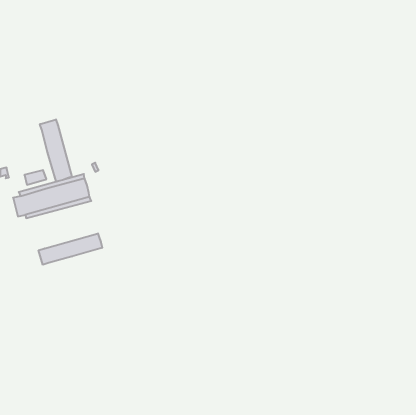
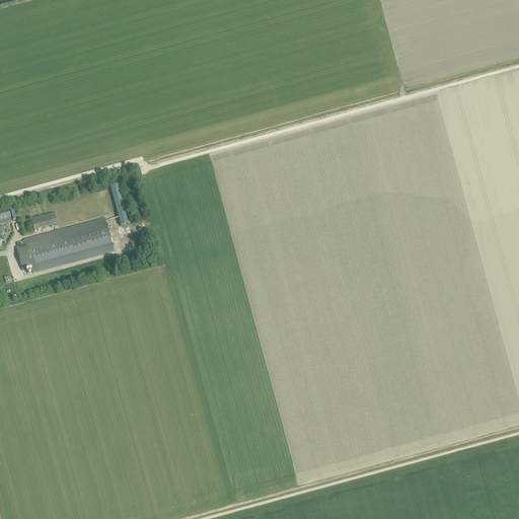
building: [40,119,72,181] -> none
building: [39,233,102,265] -> none

